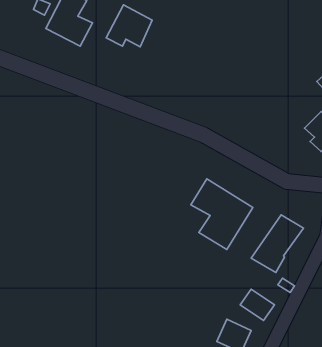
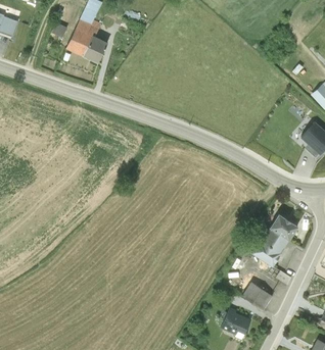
building: [106,5,152,47] -> none
building: [191,179,253,250] -> none

